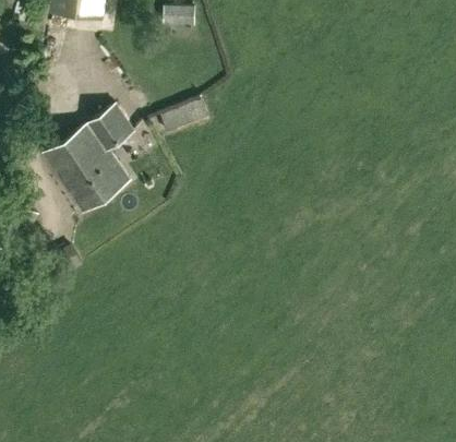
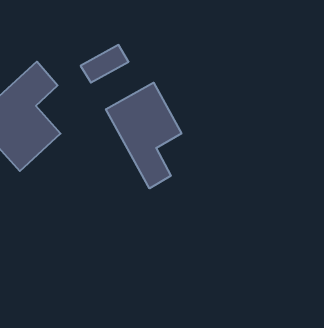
building: none -> [106,83,181,188]

